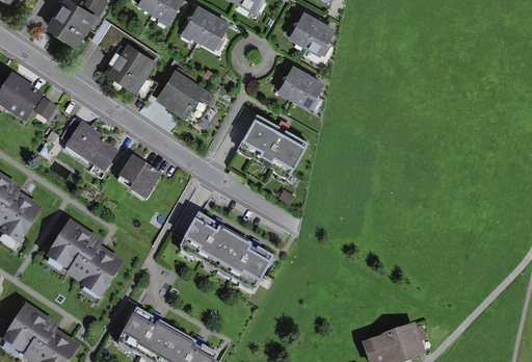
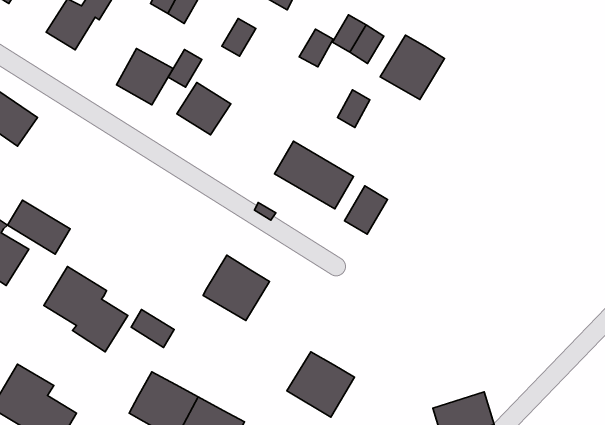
building: [183,8,211,40] -> [168,49,202,87]
building: none -> [380,35,444,100]
building: [277,68,305,99] -> [299,29,333,67]
building: [66,122,118,166] -> [7,200,70,254]
building: [122,155,160,190] -> none
building: none -> [345,186,387,234]
building: [217,235,273,289] -> [287,352,355,417]
building: none -> [131,309,174,347]

